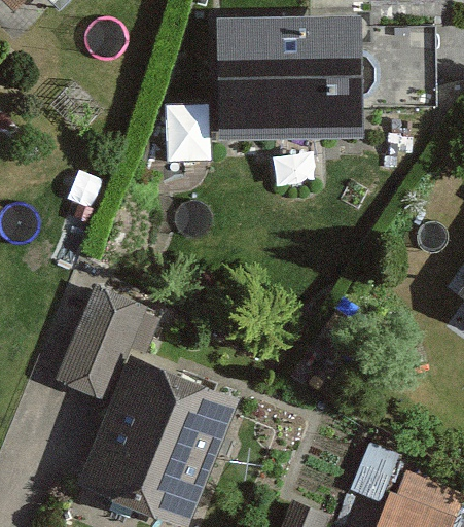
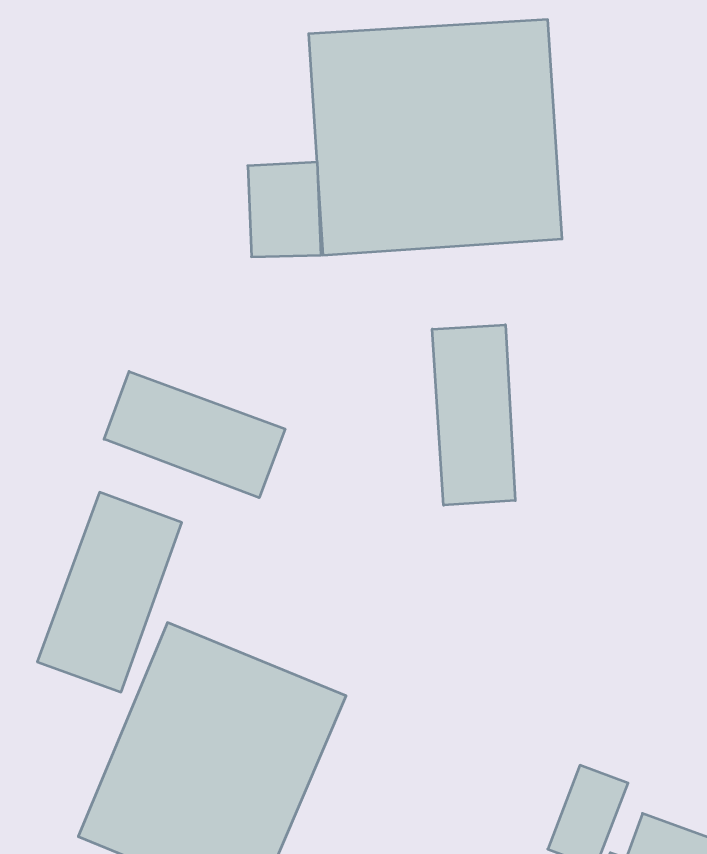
building: none -> [432,325,515,505]
building: none -> [104,371,285,498]

